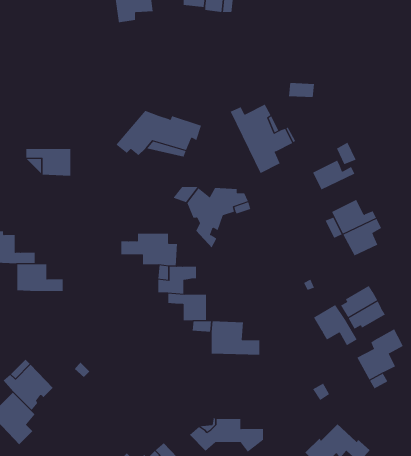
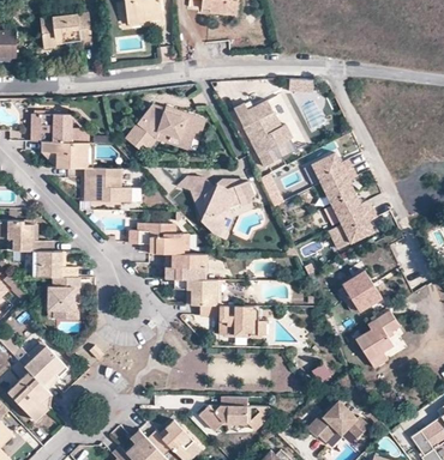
building: none -> [40,13,94,49]
building: none -> [30,113,86,143]
building: none -> [320,167,358,202]
building: none -> [83,169,131,202]
building: none -> [46,278,79,320]
building: [313,304,357,346] -> none

